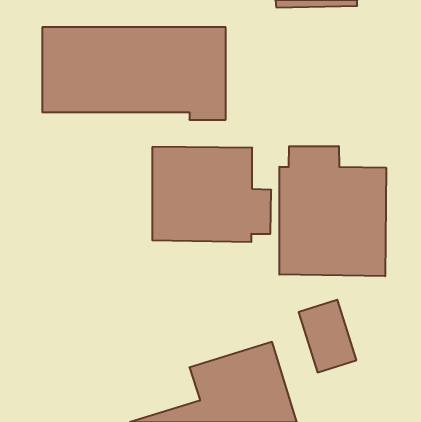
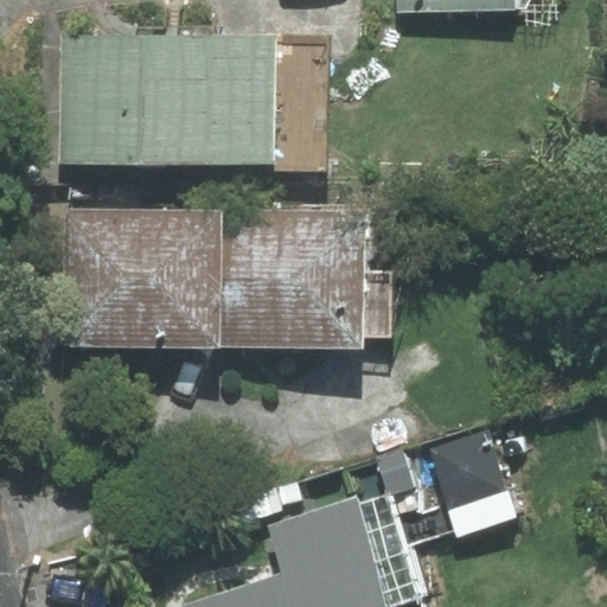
building: [279,146,386,276] -> none
building: none -> [64,211,218,345]

